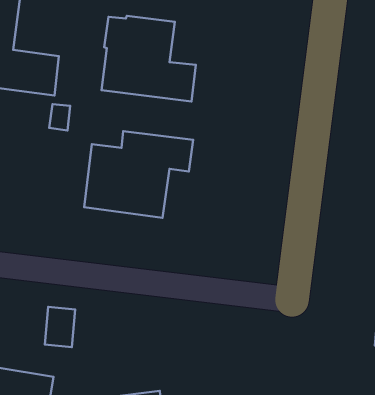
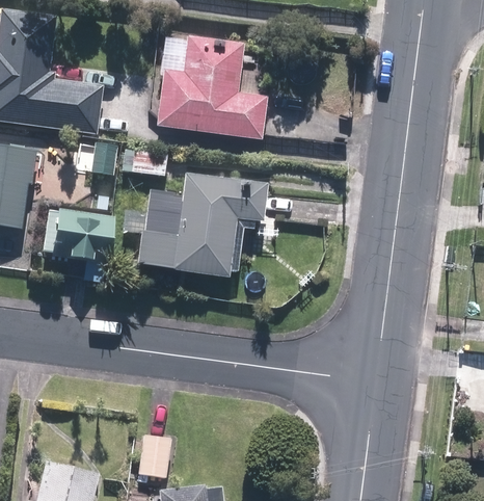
building: none -> [53,210,114,260]
building: [45,307,75,347] -> [141,431,178,479]

